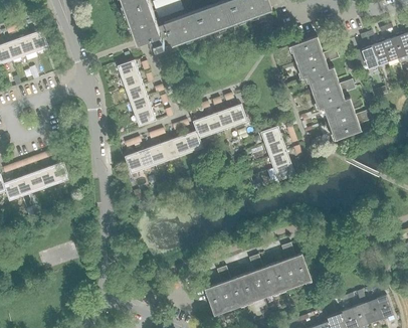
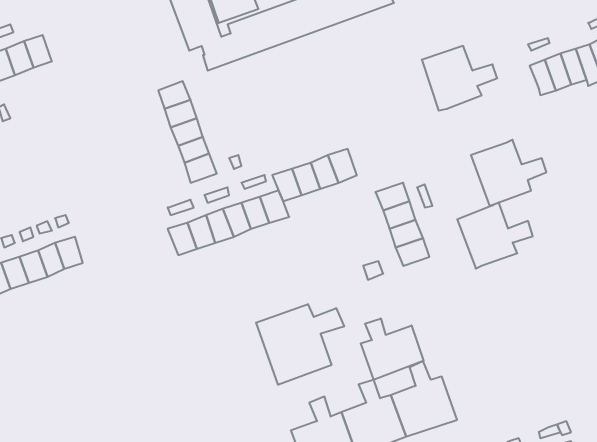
building: [305,67,355,111] -> [457,202,533,269]
building: none -> [256,304,344,385]
building: none -> [361,318,424,380]

